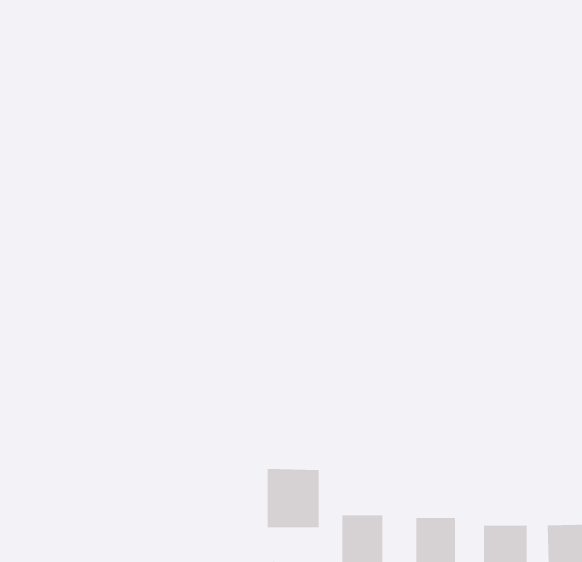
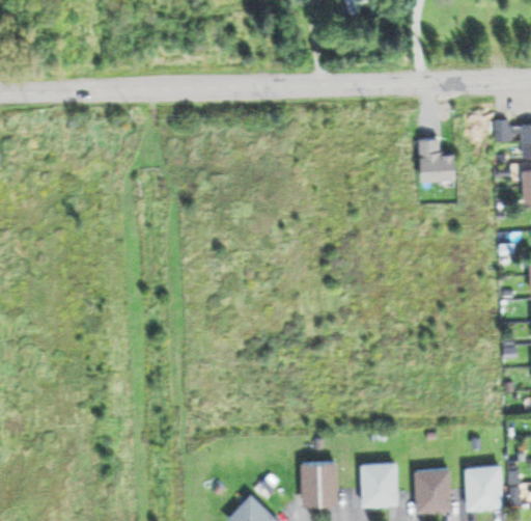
building: none -> [421,138,456,179]
building: [267,468,319,528] -> none

